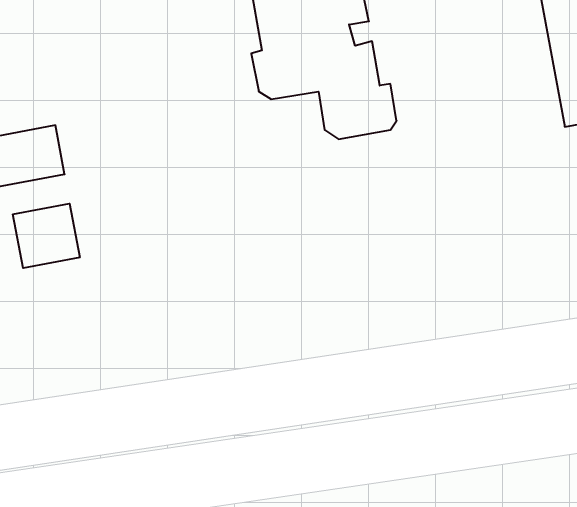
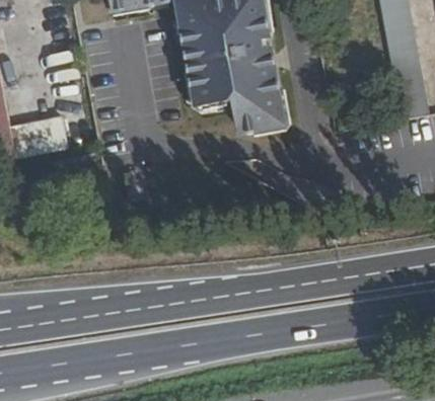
building: [13,204,80,268] -> none

